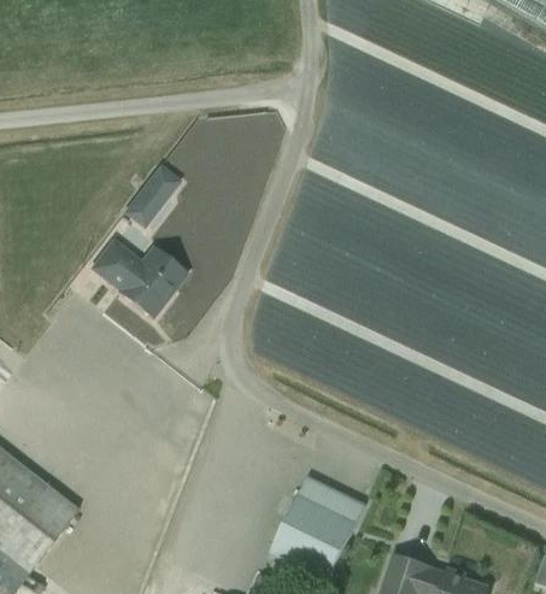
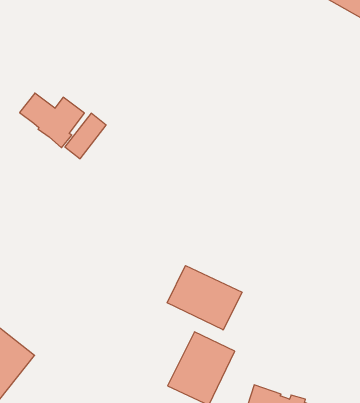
building: [90,240,183,318] -> [20,93,84,148]
building: none -> [167,266,242,330]

